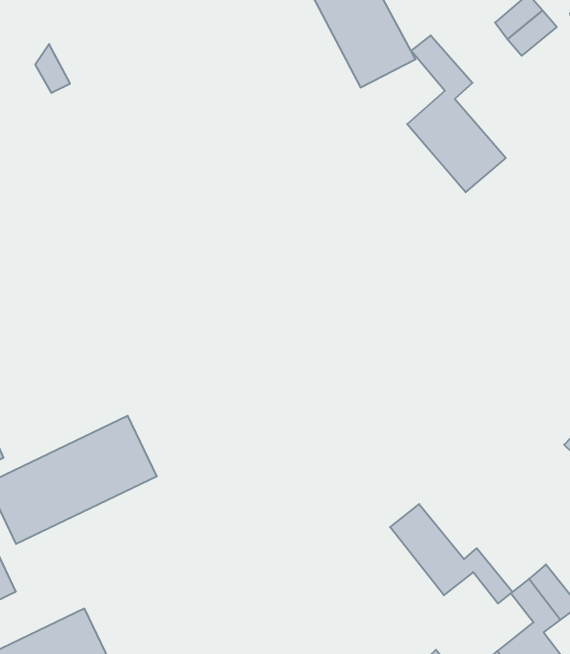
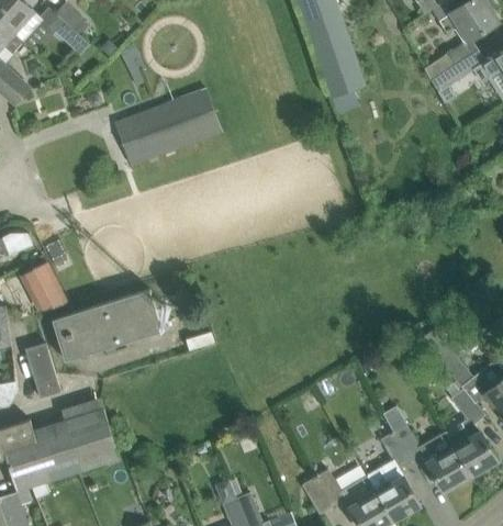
building: [407,35,506,192] -> none
building: none -> [114,89,222,165]
building: [390,504,513,603] -> none

